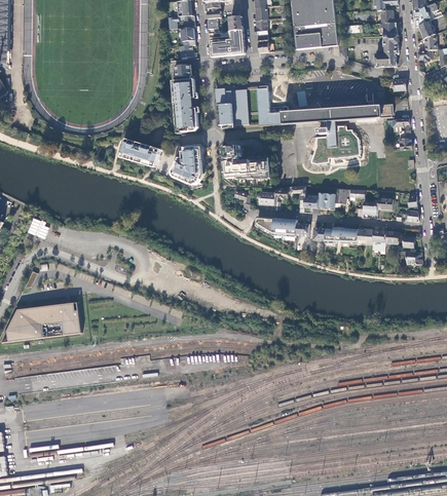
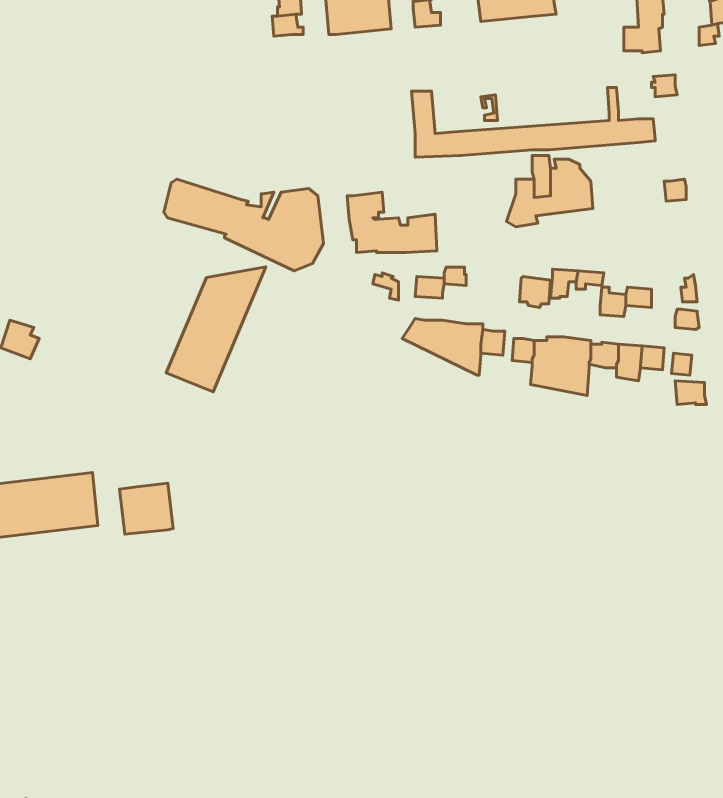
building: [174,63,198,130] -> none
building: [214,87,248,128] -> none
building: none -> [166,267,266,392]
building: none -> [119,483,173,534]

